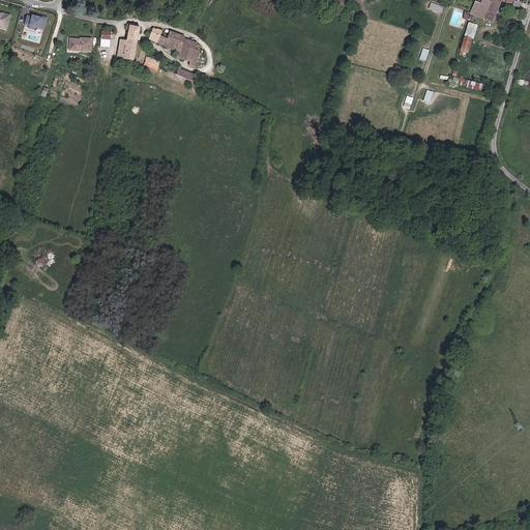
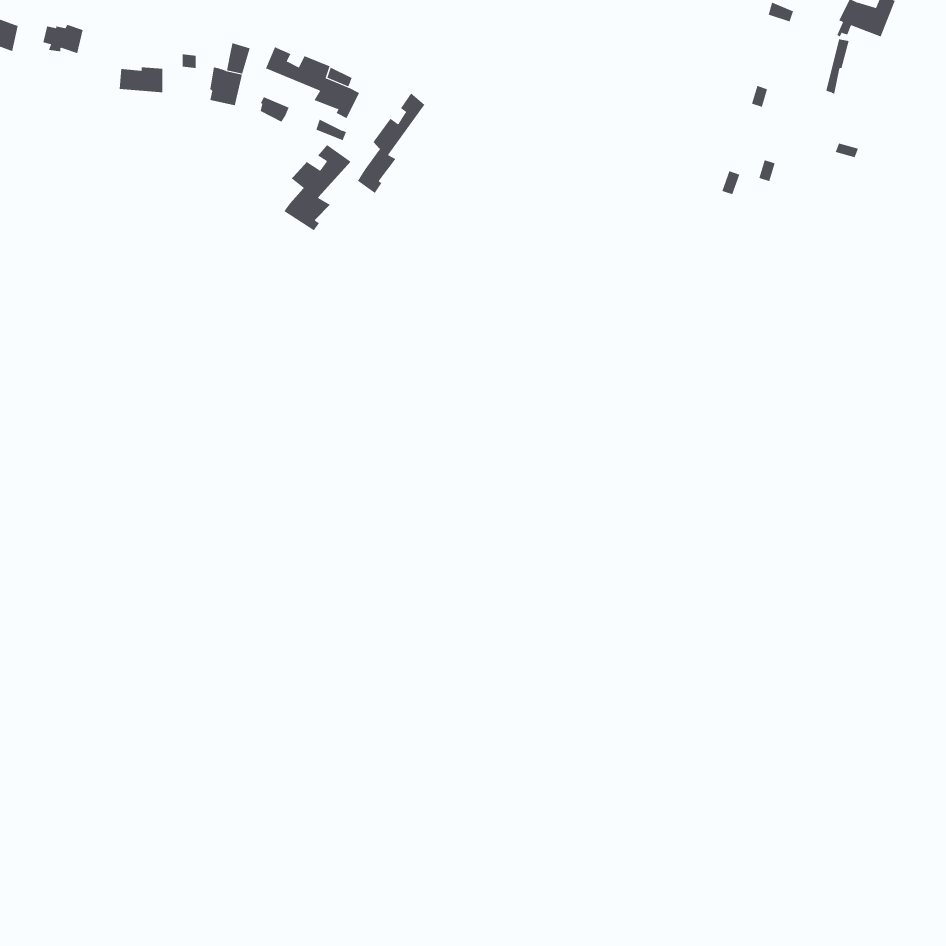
building: none -> [357,93,425,194]
building: none -> [283,144,352,231]

